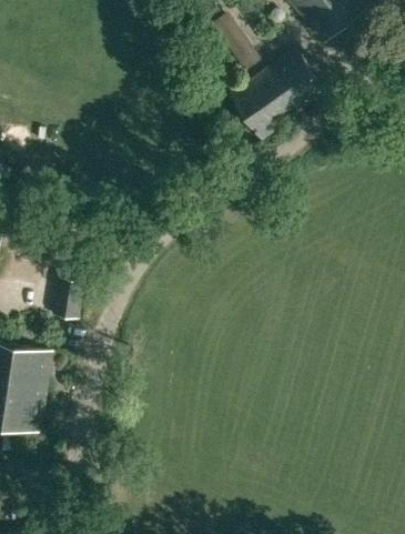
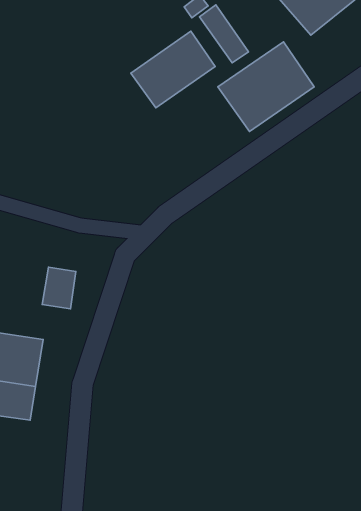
building: none -> [131,31,215,108]

